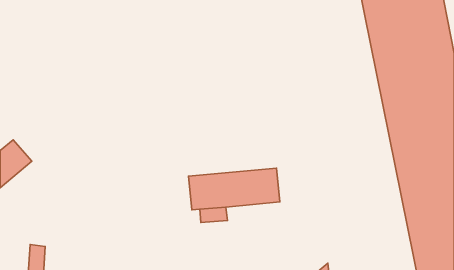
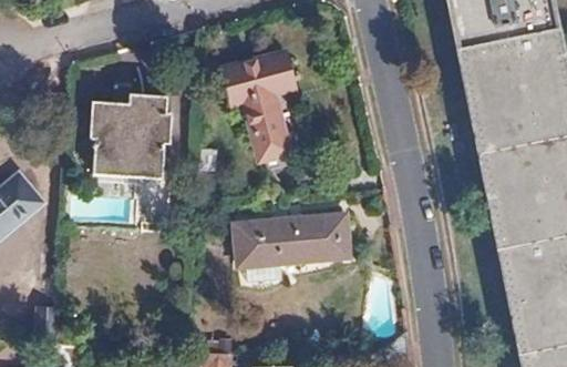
building: none -> [219,51,291,160]
building: none -> [92,91,165,176]

